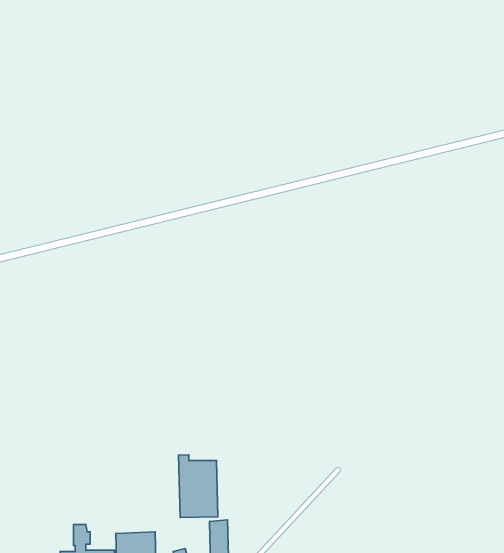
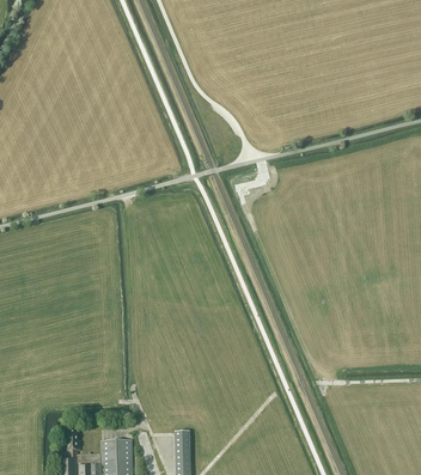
building: [179,455,218,517] -> none

